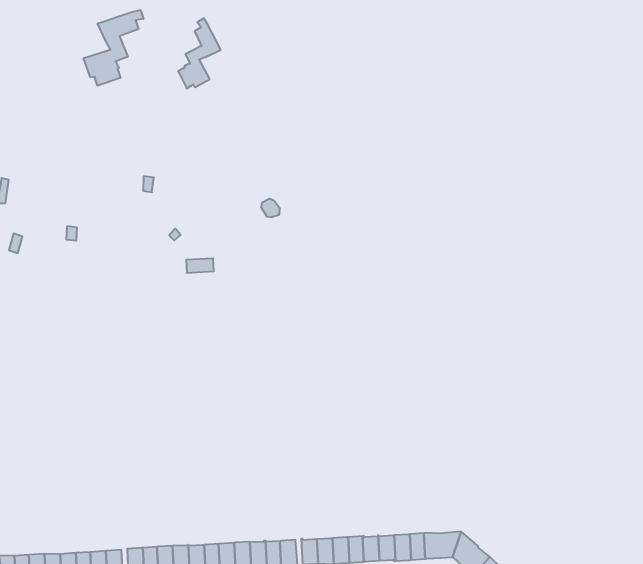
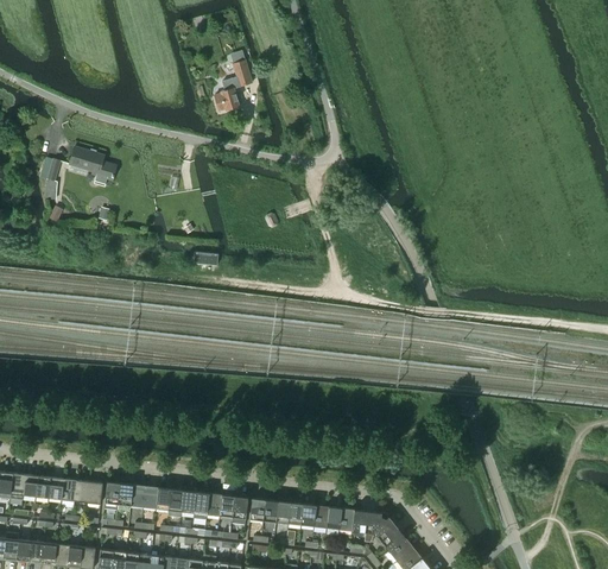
building: [84,10,143,86] -> none
building: none -> [69,148,115,189]

